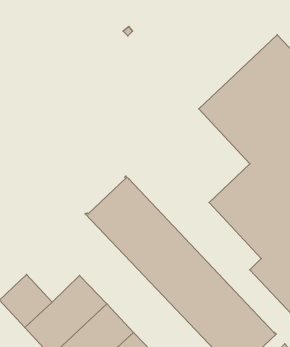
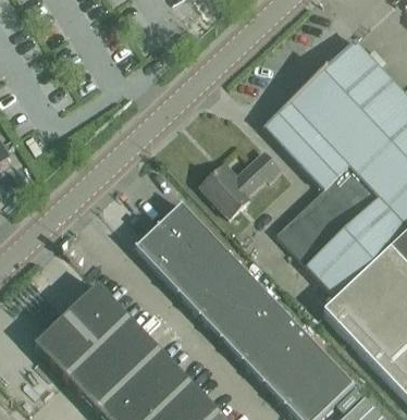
building: none -> [201,150,282,217]
building: none -> [67,285,128,347]

